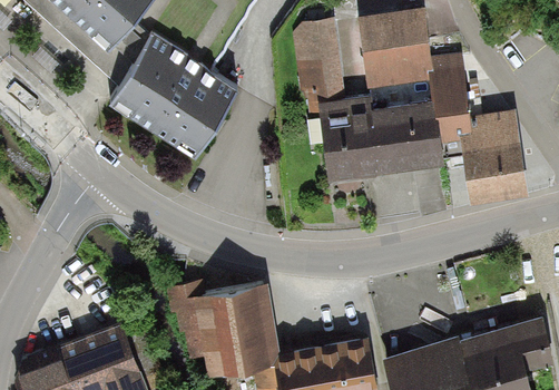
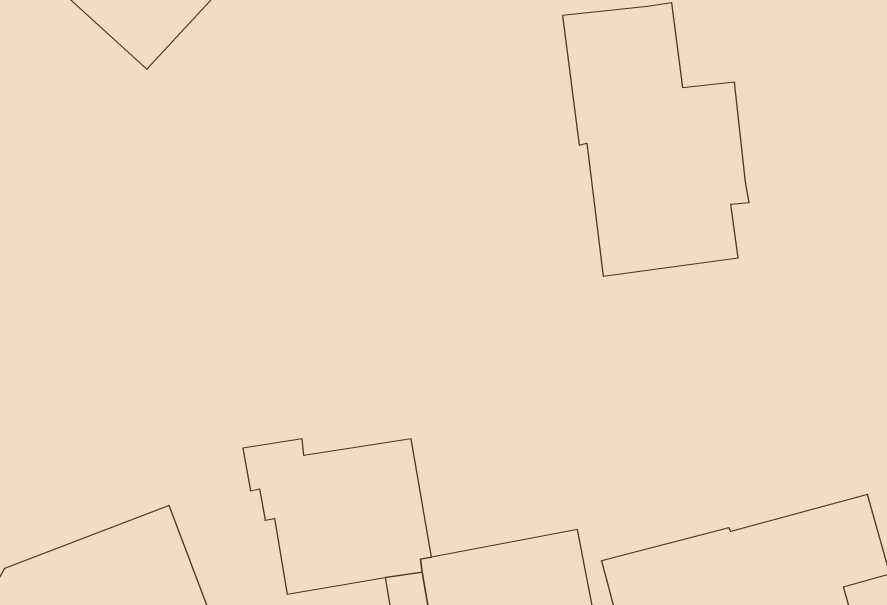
building: [293,27,383,188] -> none
building: [111,41,238,160] -> none
building: [460,116,528,207] -> none

